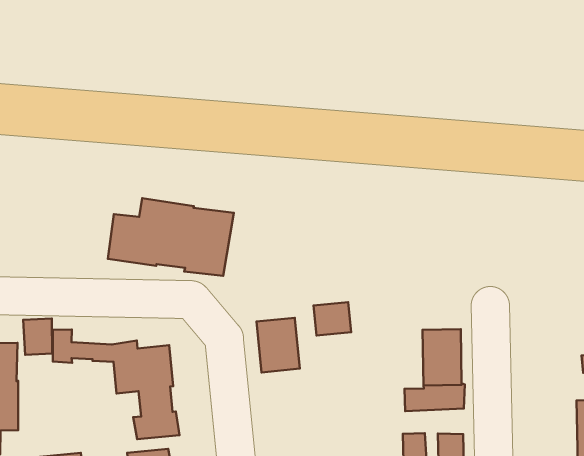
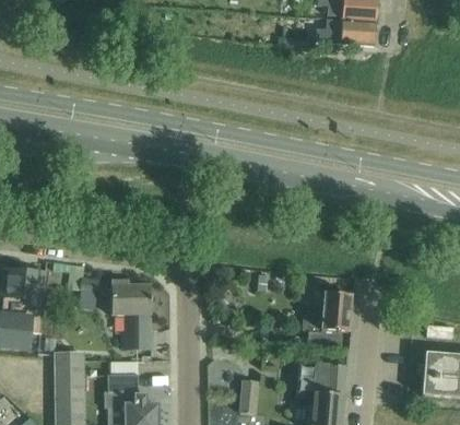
building: [108,198,234,276] -> none
building: [257,318,300,372] -> none

